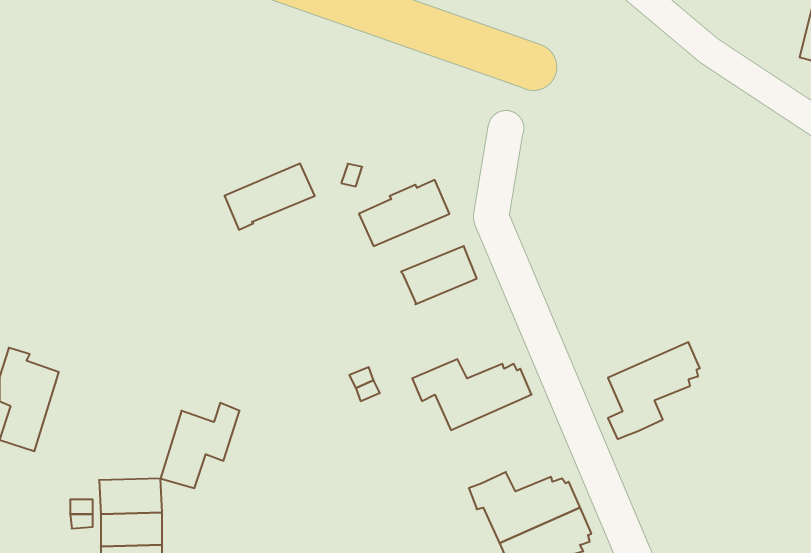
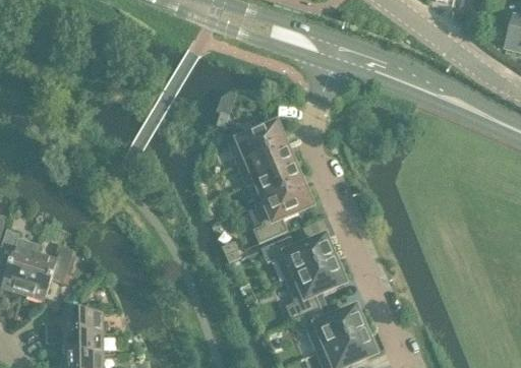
building: [224,164,315,230] -> [237,143,294,185]
building: none -> [253,184,311,242]
building: [608,342,700,439] -> [286,257,344,318]
building: [160,403,240,488] -> [23,245,73,299]

